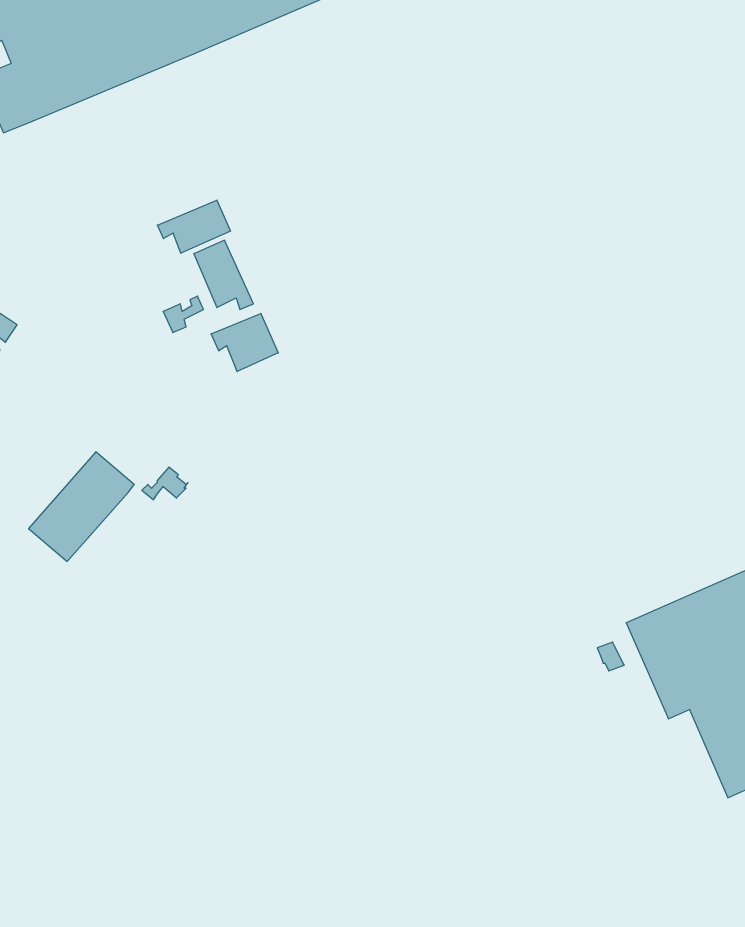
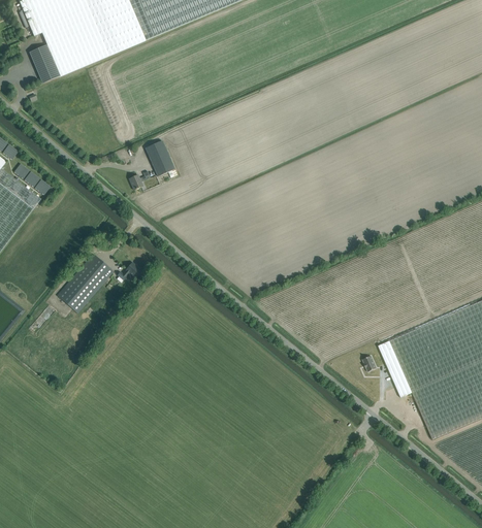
building: [157,200,230,253] -> none
building: [211,313,278,372] -> none

